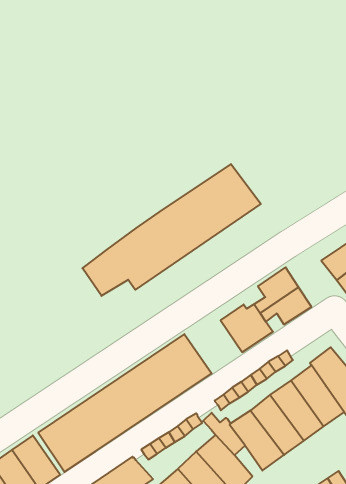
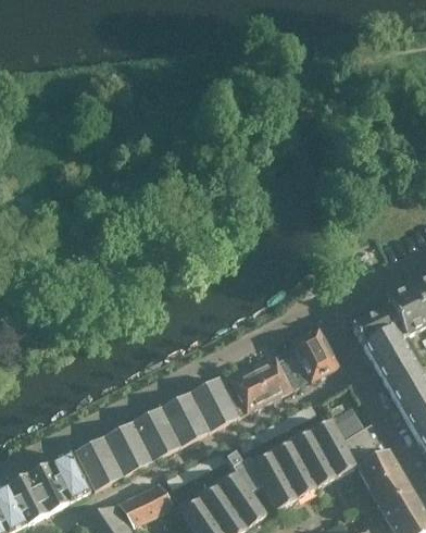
building: [82,164,261,296] -> none
building: none -> [225,368,270,416]

